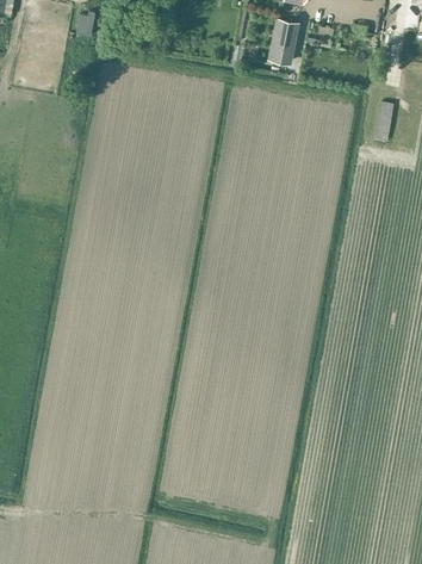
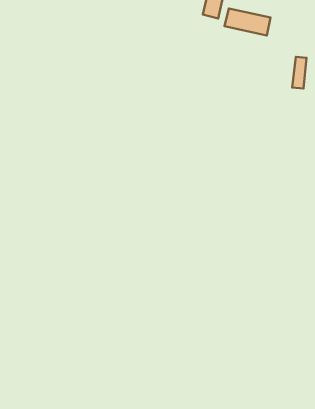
building: none -> [224,9,270,35]

